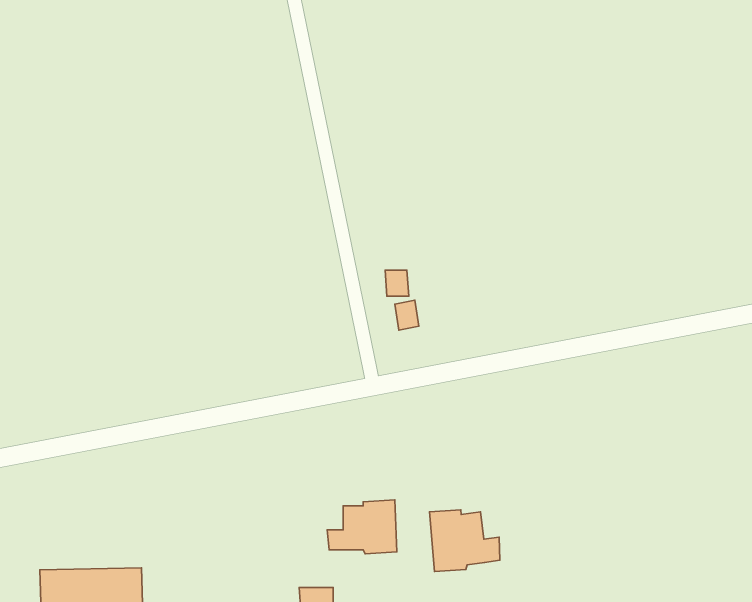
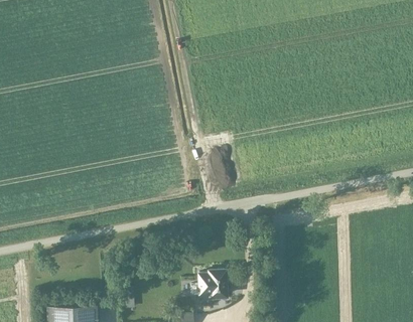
building: [430,510,500,572] -> none

